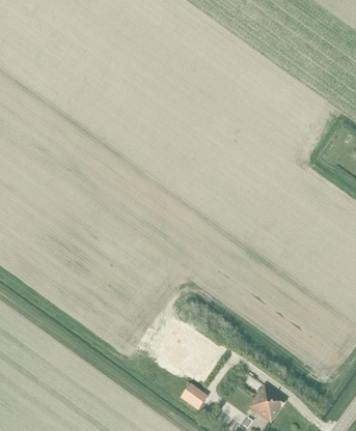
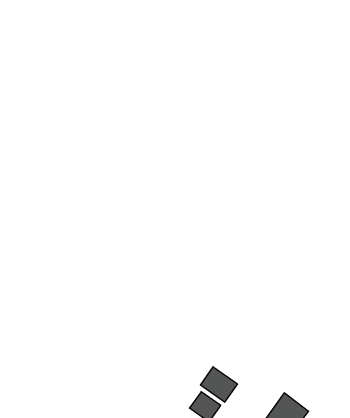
building: none -> [200,367,237,402]

